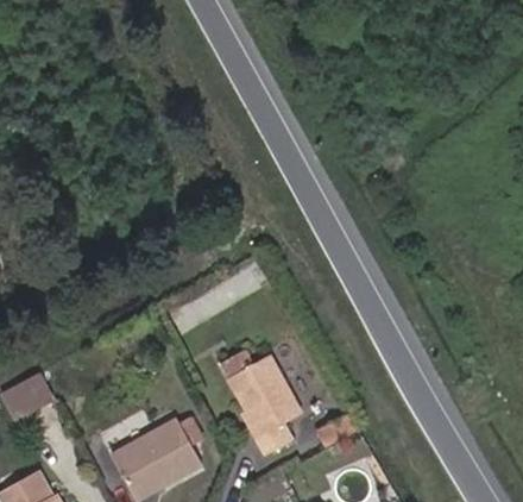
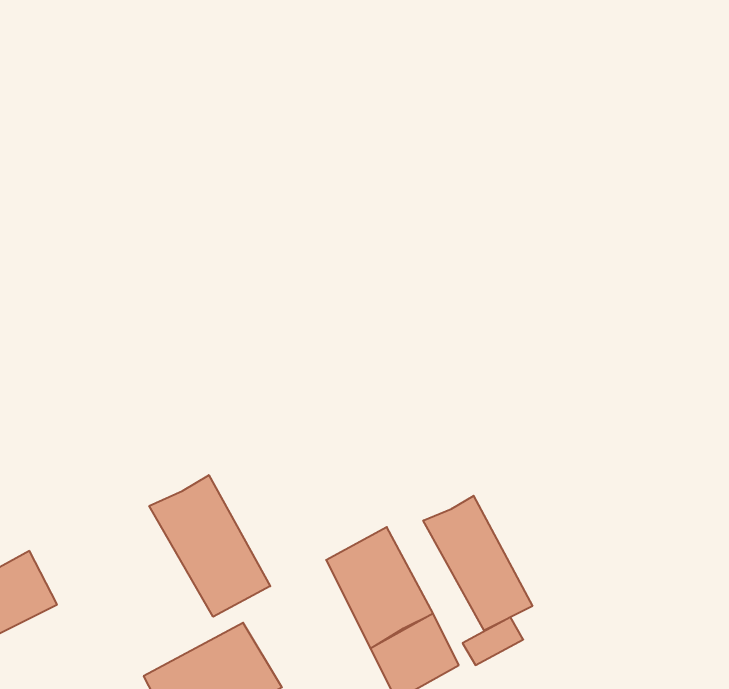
building: none -> [149,475,270,617]
building: none -> [423,496,532,631]

